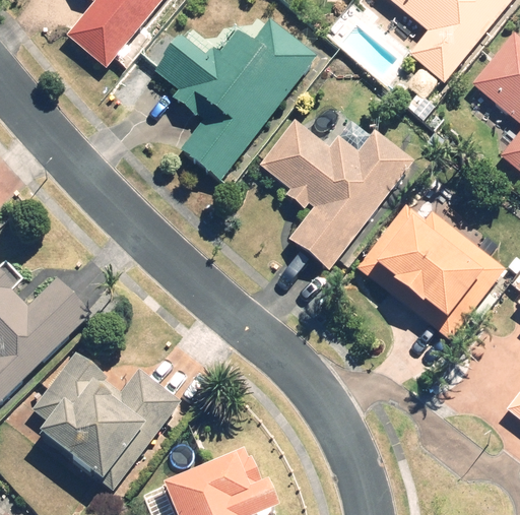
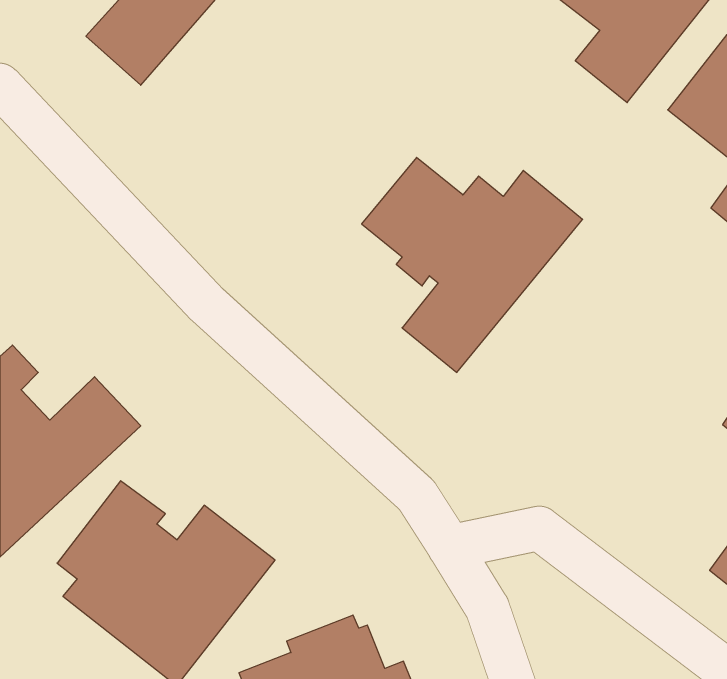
building: [148,18,315,182] -> none
building: [356,205,506,339] -> none

